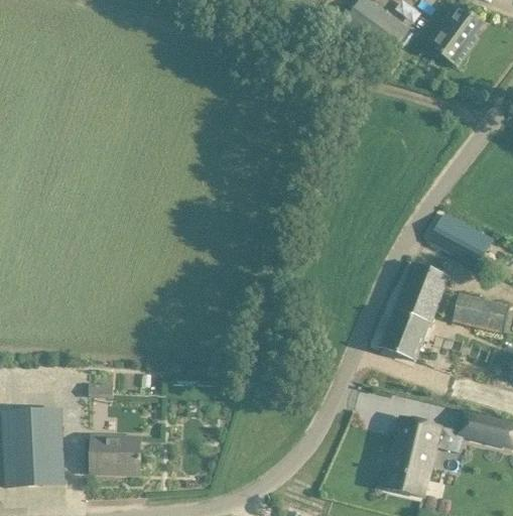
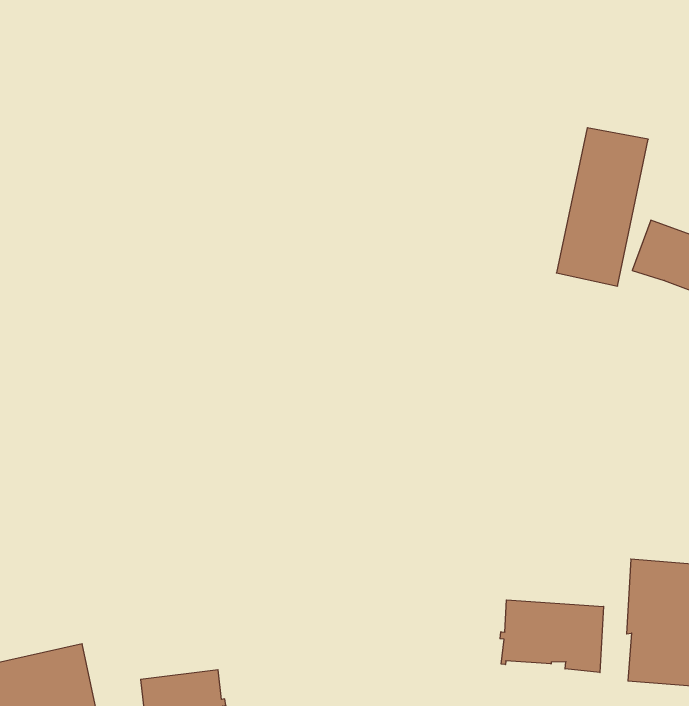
building: [380,263,448,361] -> [556,128,648,286]
building: none -> [500,600,604,673]

